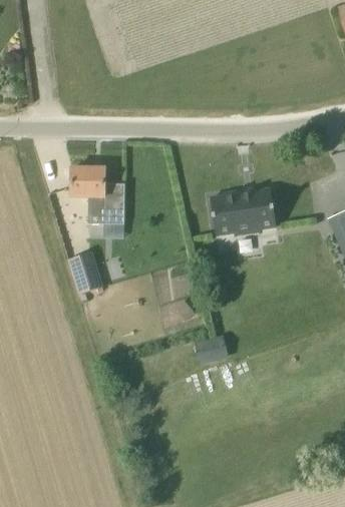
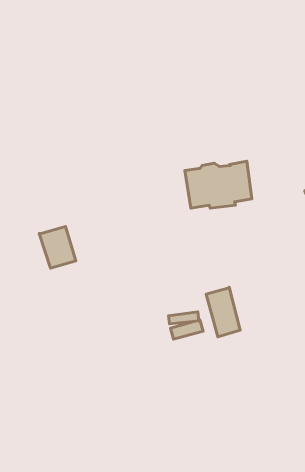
building: [72,167,125,223] -> none
building: none -> [206,287,240,337]

